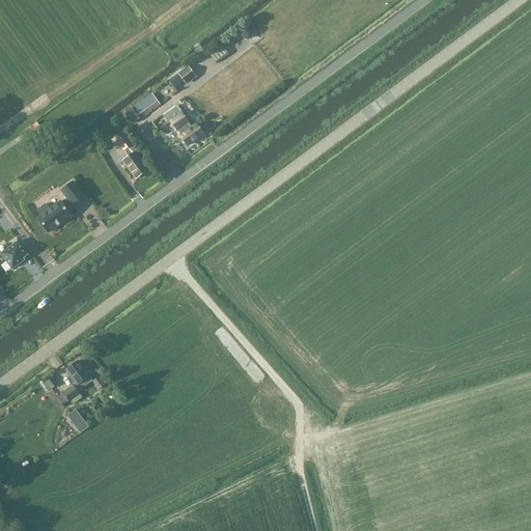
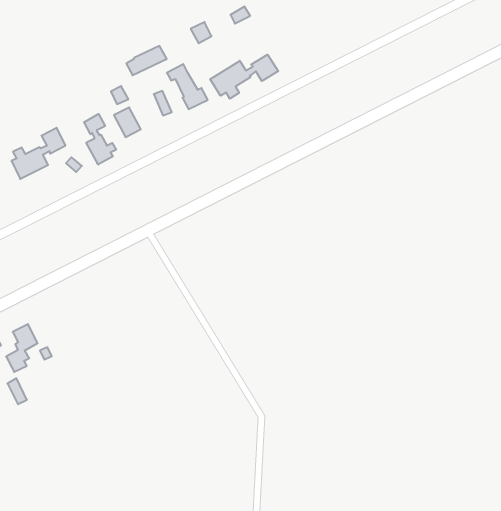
building: none -> [210,55,278,99]
building: none -> [84,114,116,165]

